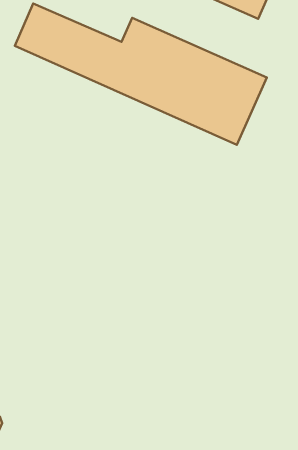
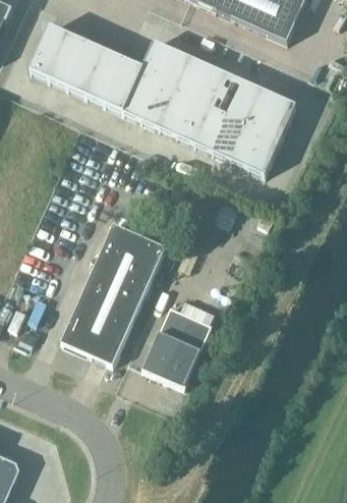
building: none -> [60,222,166,365]
building: none -> [142,305,212,387]

